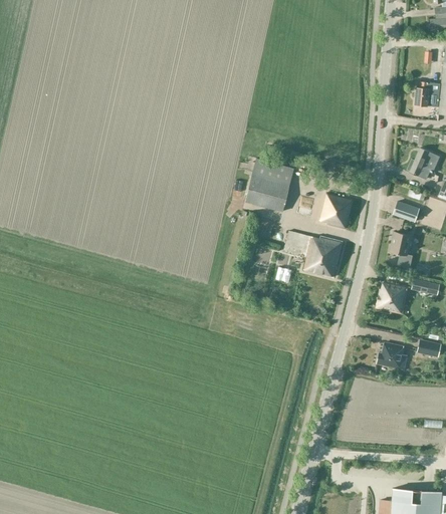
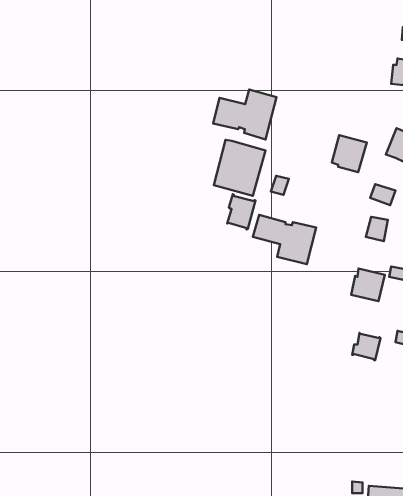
building: none -> [213,90,277,139]
building: [321,194,355,229] -> [332,135,367,172]
building: none -> [227,194,255,229]

